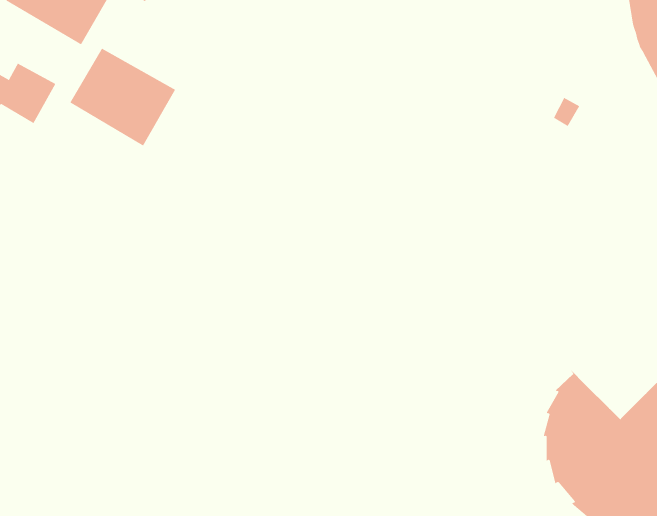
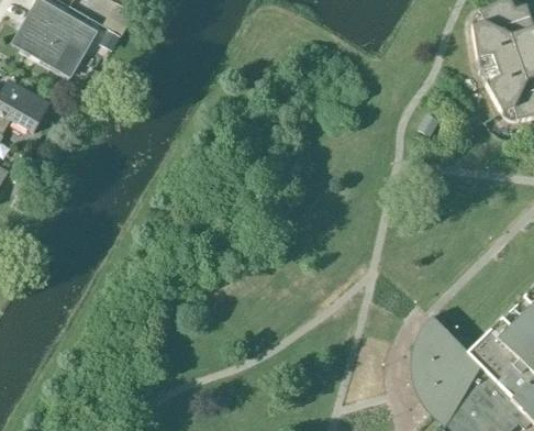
building: [69,48,176,147] -> none

